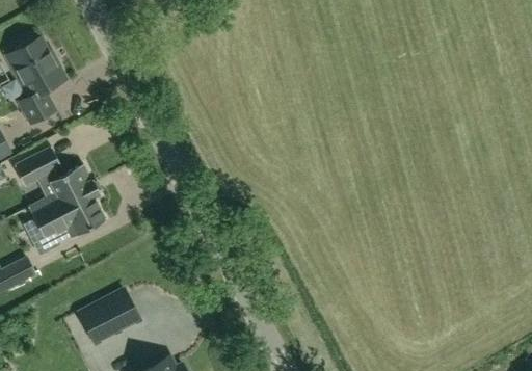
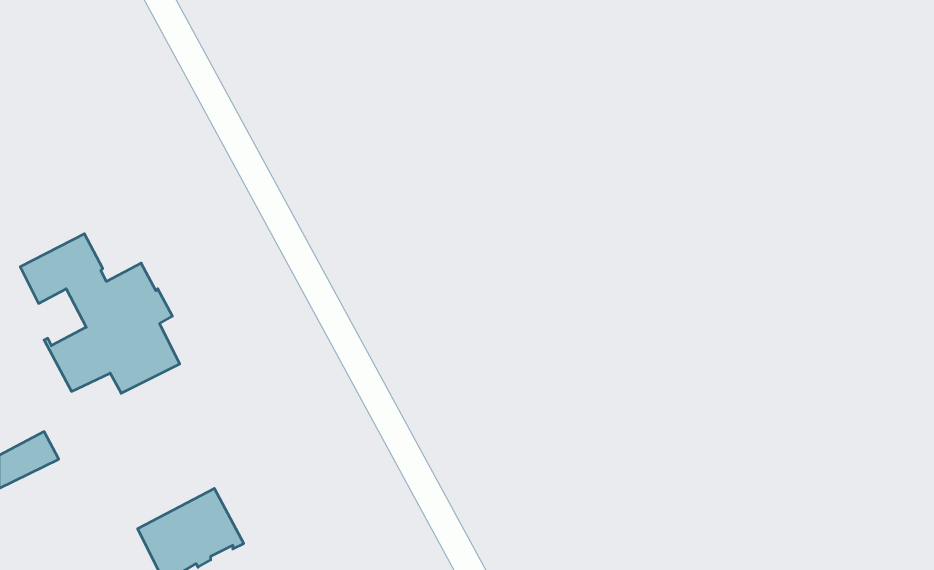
building: [6,37,65,124] -> none

